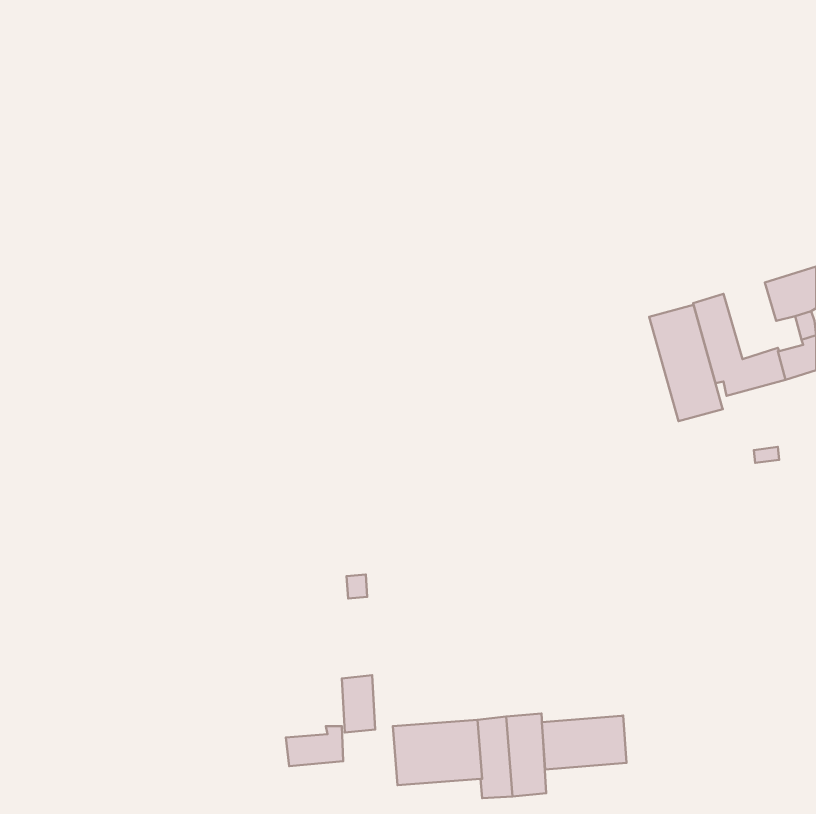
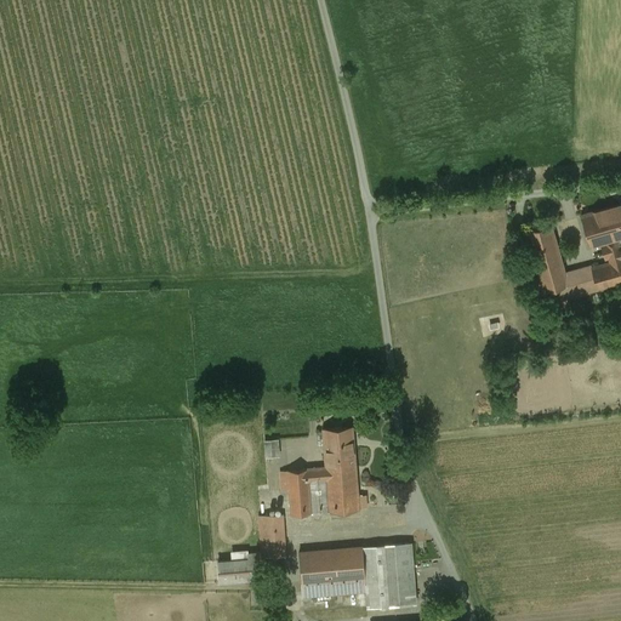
building: [649,305,723,421] -> none
building: none -> [280,427,359,514]
building: [542,716,627,769] -> none

